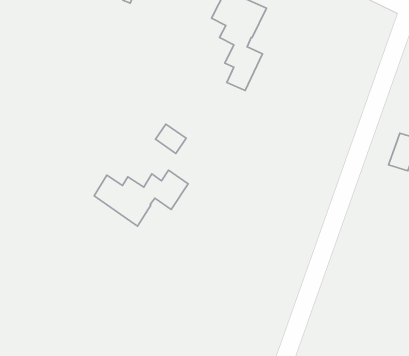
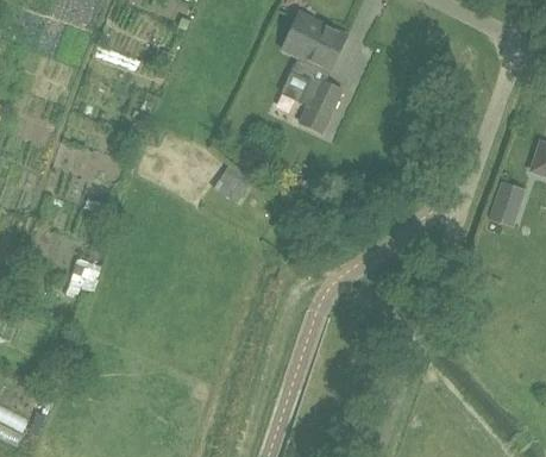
building: [94,170,188,226] -> none

